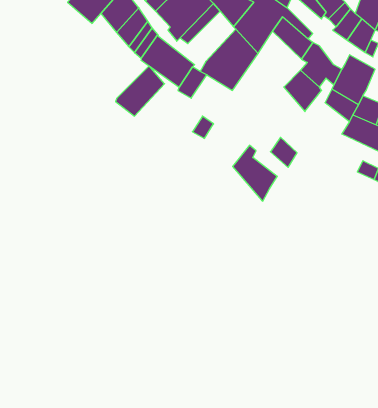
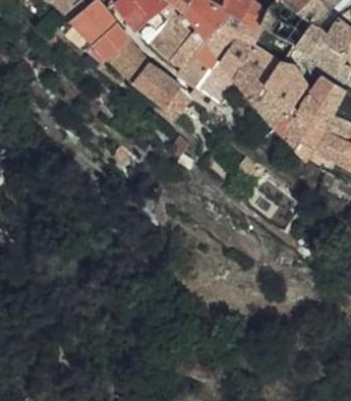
building: none -> [236,55,281,106]
building: [116,66,165,116] -> [171,37,216,82]
building: [233,145,277,201] -> [279,109,319,160]

